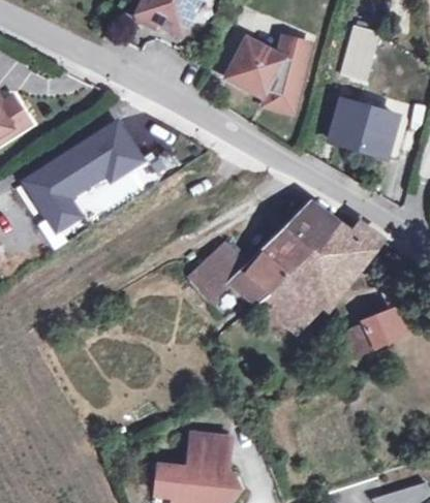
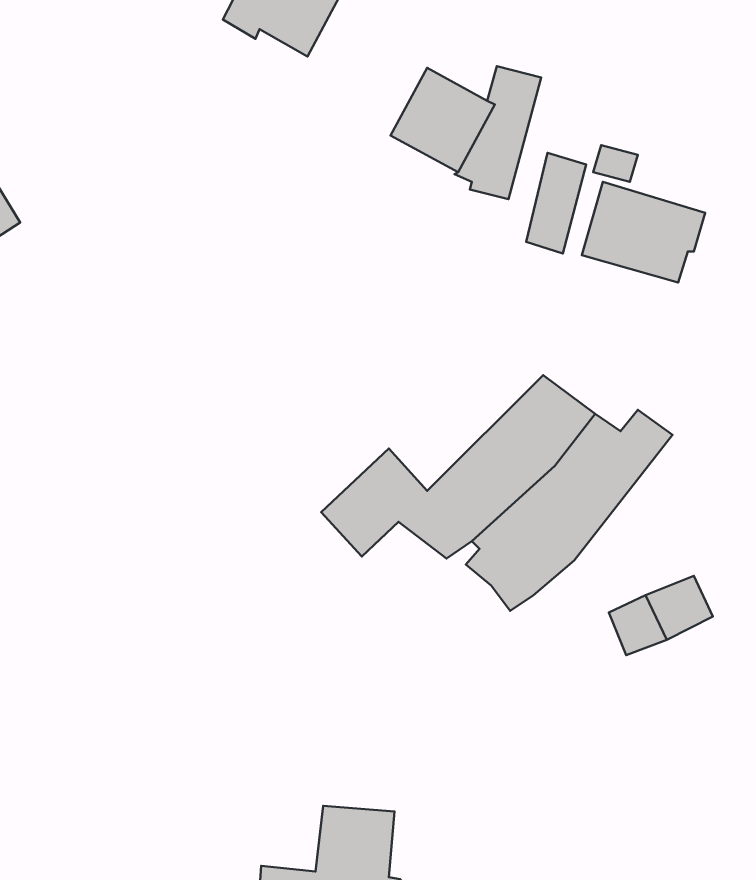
building: [342,25,374,78] -> [526,153,586,253]
building: [26,123,141,232] -> none

